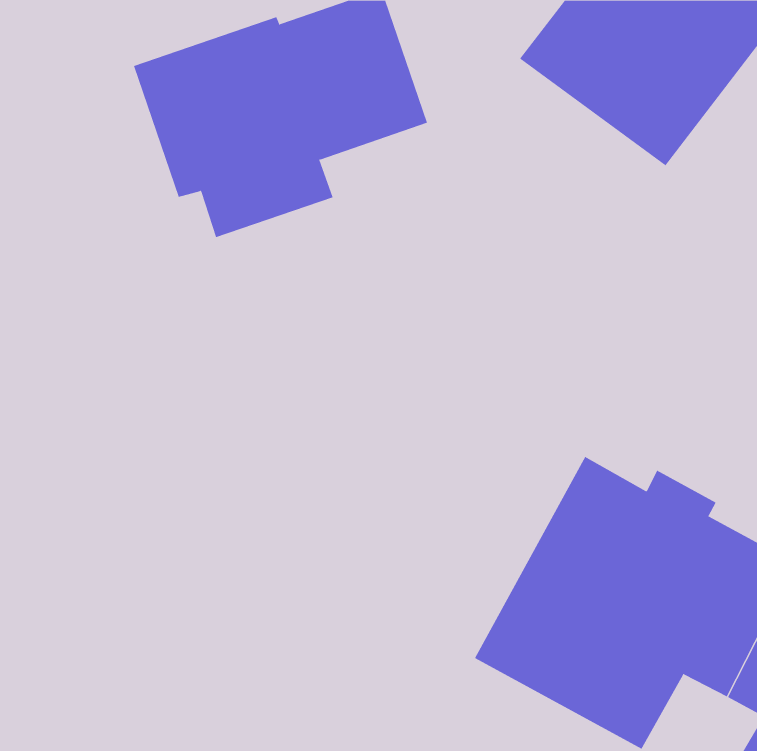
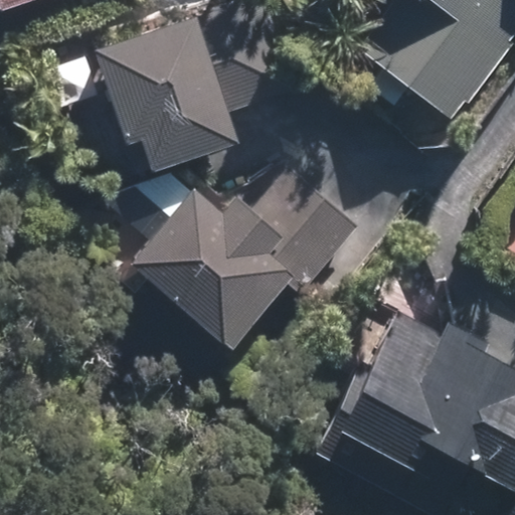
building: none -> [133,170,360,343]

